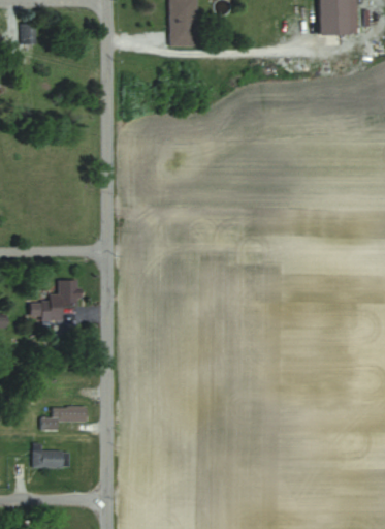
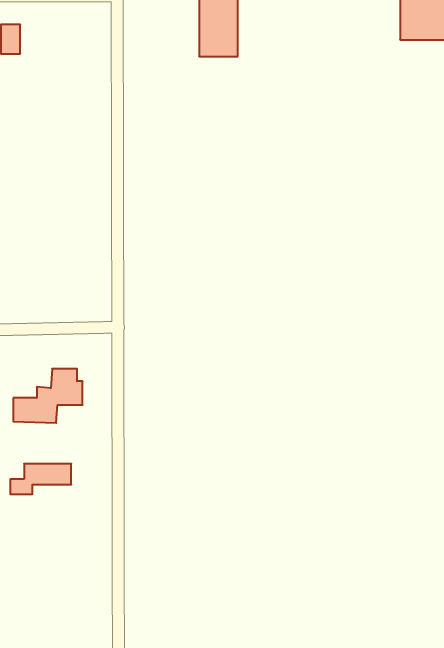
building: [41,406,87,429] -> [10,464,71,494]
building: [32,442,68,467] -> none

